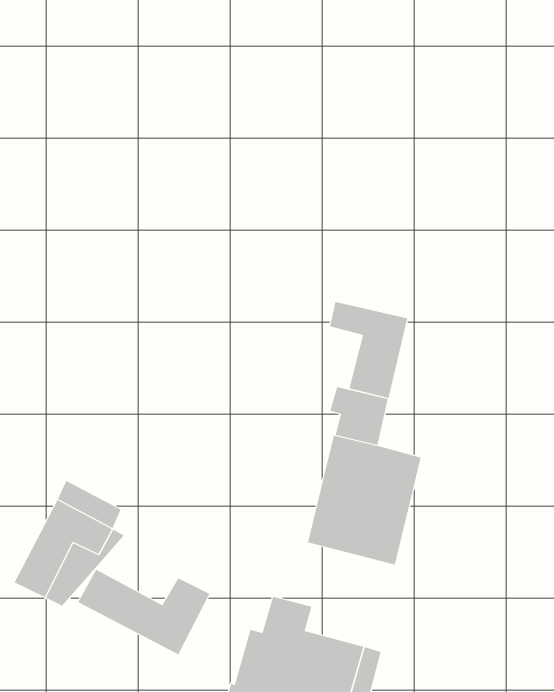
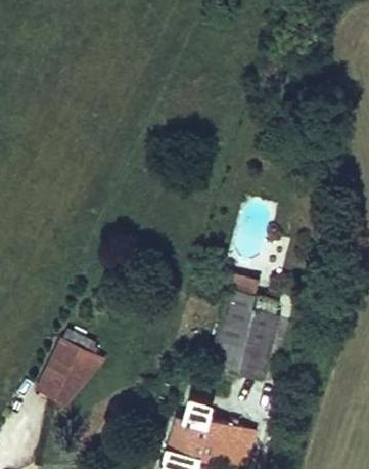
building: [330,301,408,399] -> none
building: [77,569,210,655] -> none

